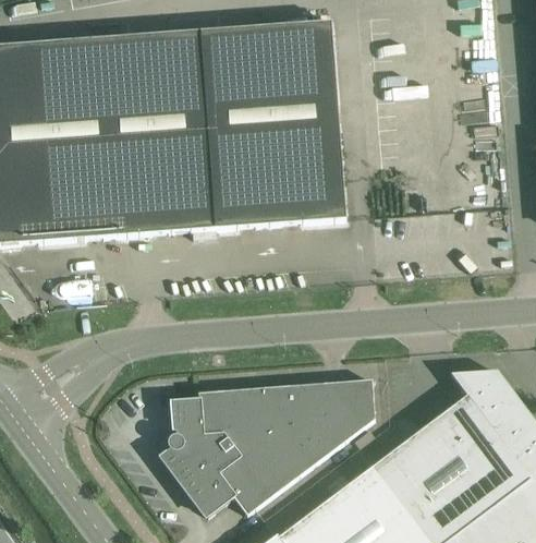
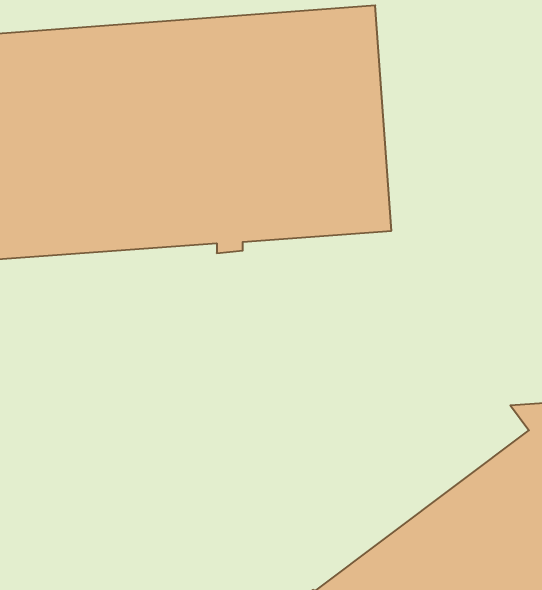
building: [161,379,375,517] -> none

